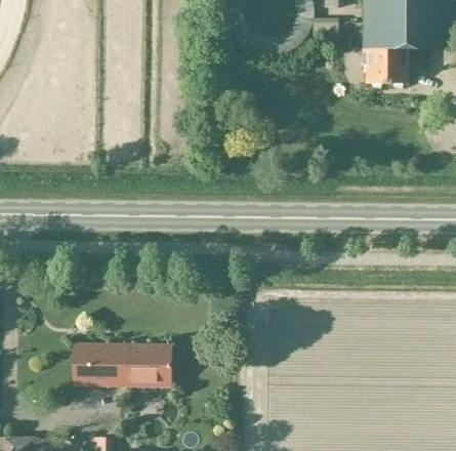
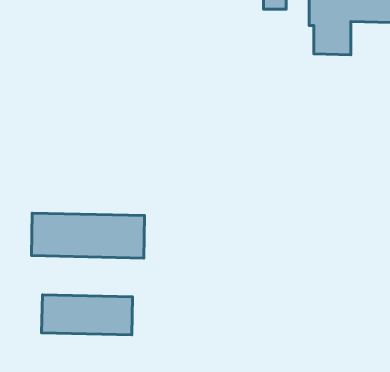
building: none -> [31,213,145,258]

